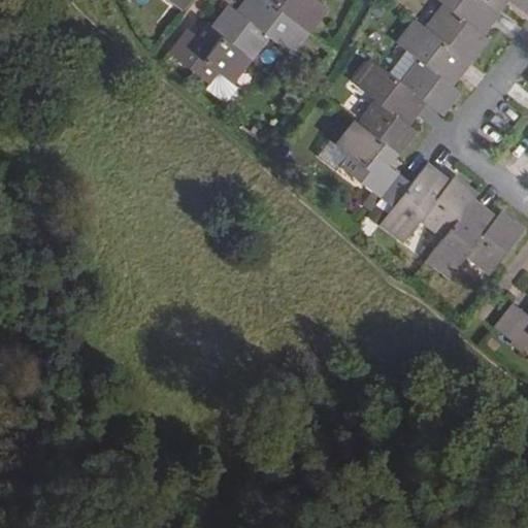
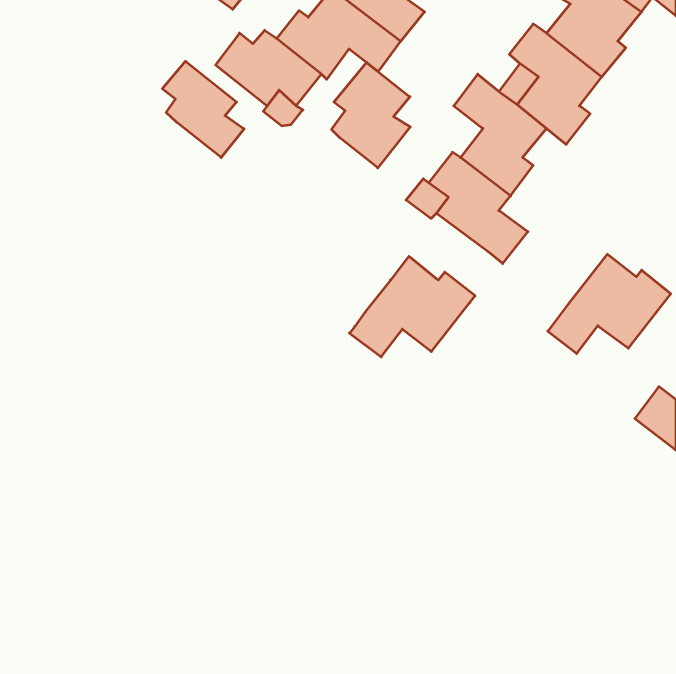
building: none -> [162,61,244,158]
building: none -> [332,62,410,168]
building: [380,162,477,240] -> [349,256,475,357]

